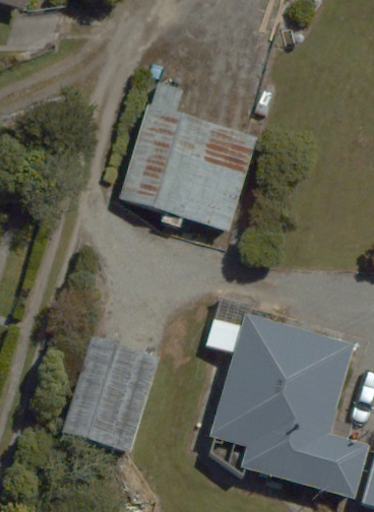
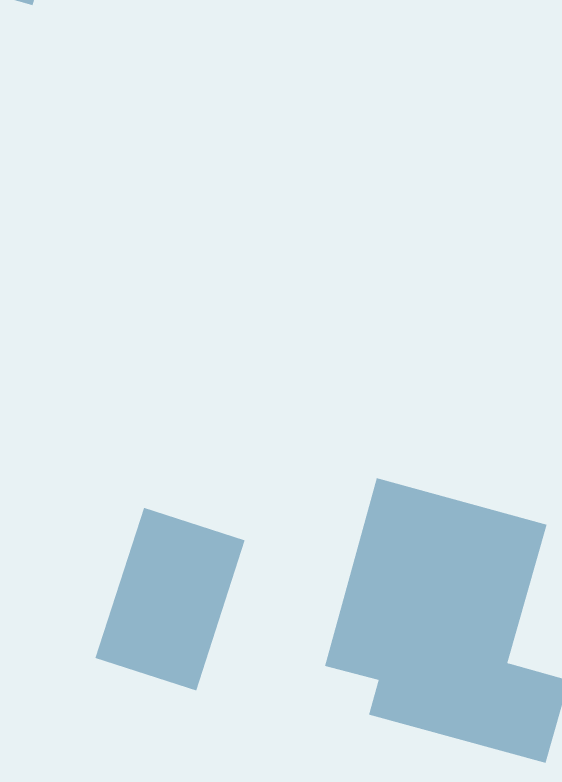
building: [118,79,256,231] -> none

